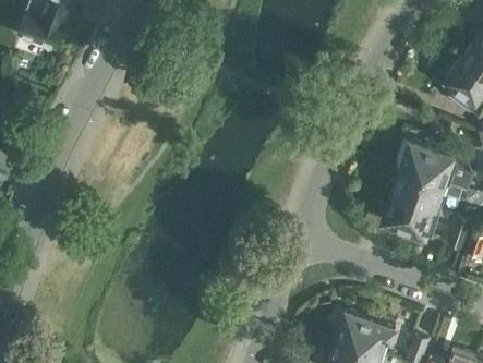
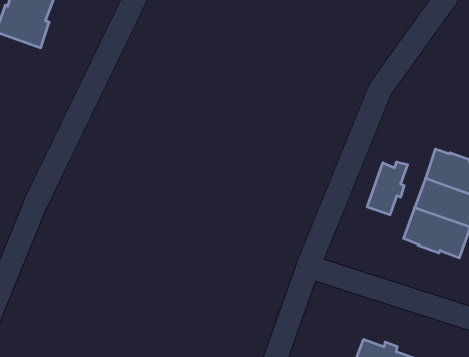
building: none -> [367,162,408,215]

